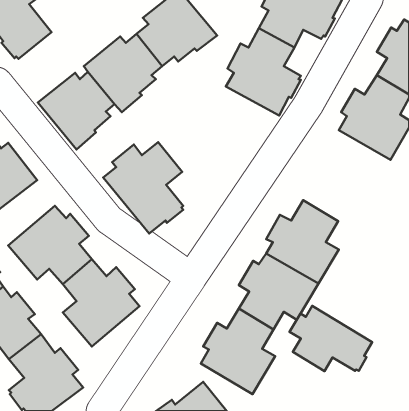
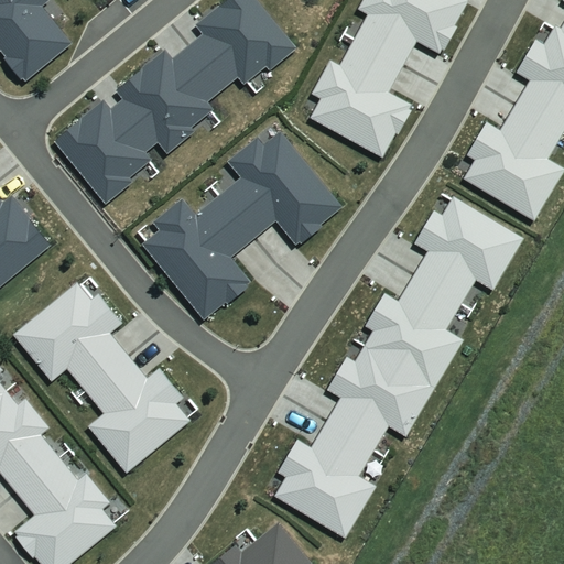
building: none -> [216,130,343,243]
building: none -> [414,197,523,302]
building: [290,306,372,371] -> none

